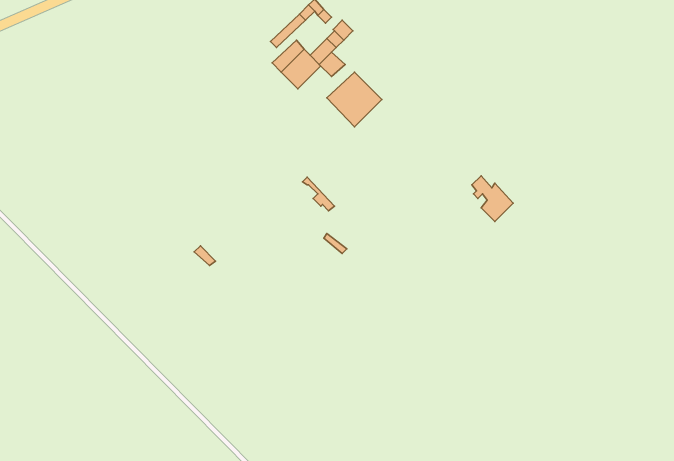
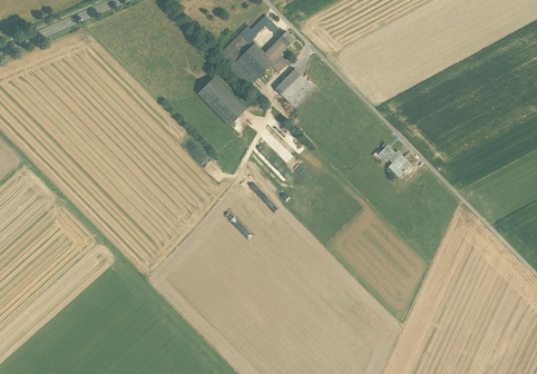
building: none -> [197,77,245,124]

